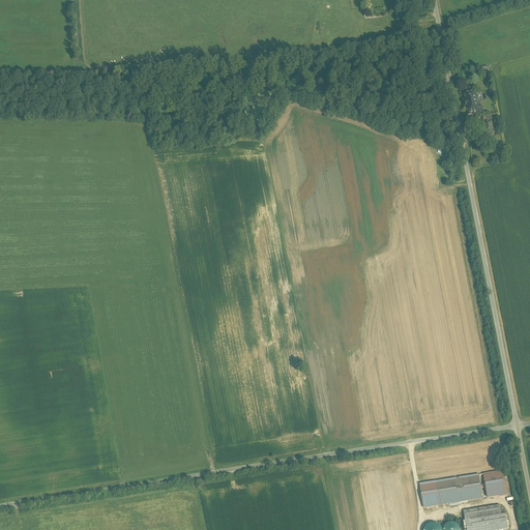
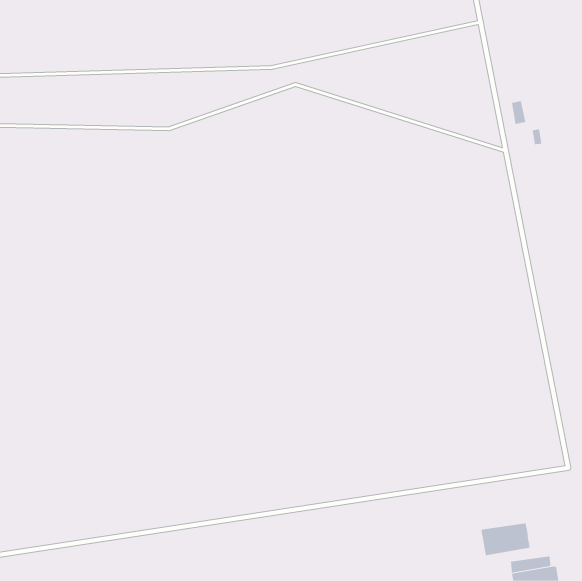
building: [482,470,505,496] -> none
building: [419,480,440,506] -> none

